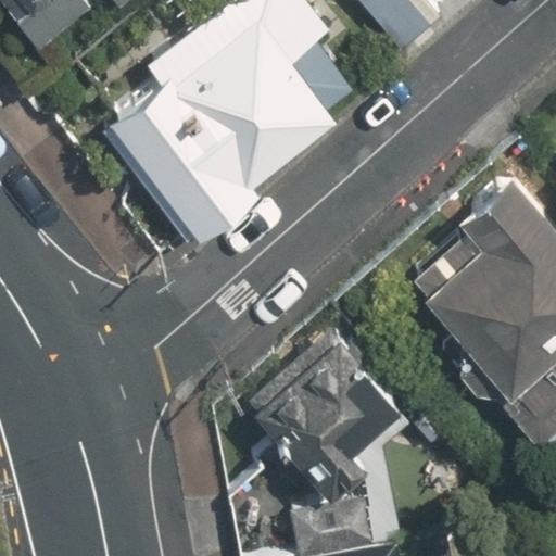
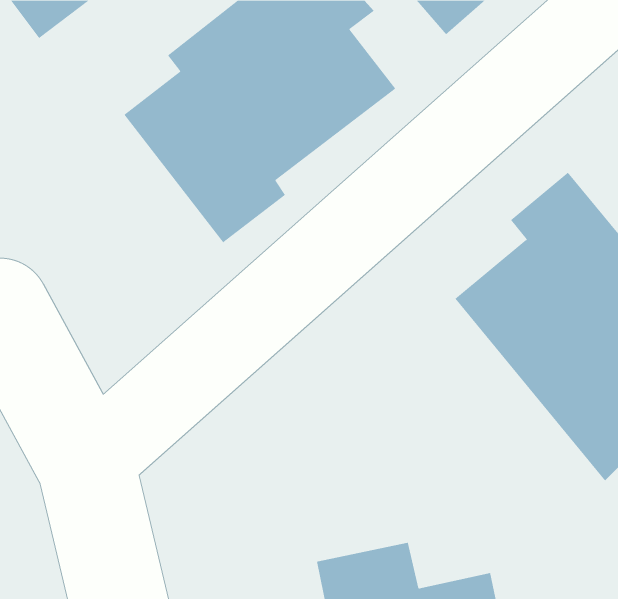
building: [243,328,391,498] -> none

